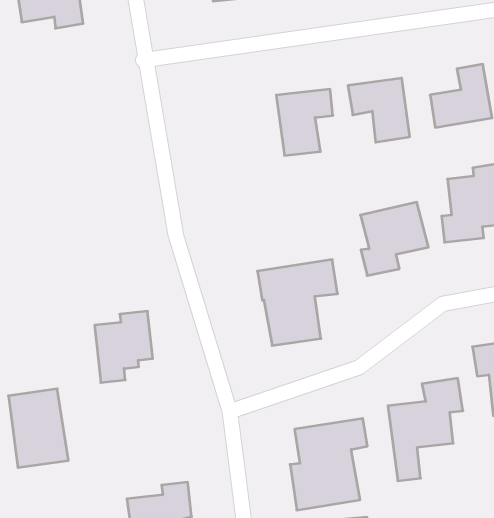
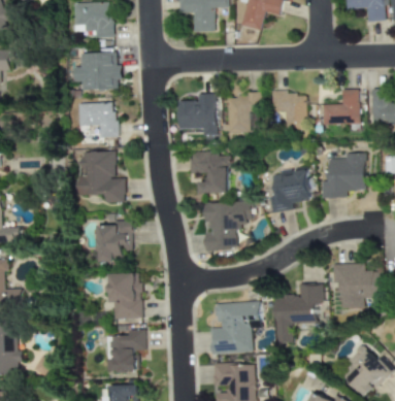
building: none -> [73,52,121,90]
building: none -> [178,93,216,134]
building: none -> [76,102,116,137]
building: none -> [189,152,228,193]
building: none -> [76,151,125,202]
building: [8,389,68,468] -> [109,272,142,319]

